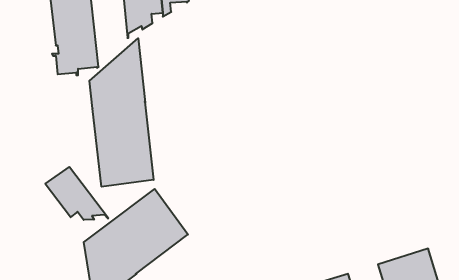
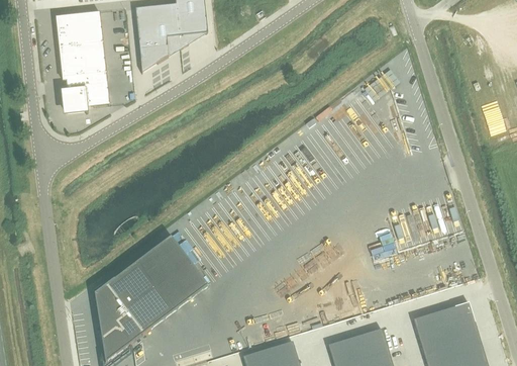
building: [89,38,154,187] -> none
building: [45,167,108,220] -> none

